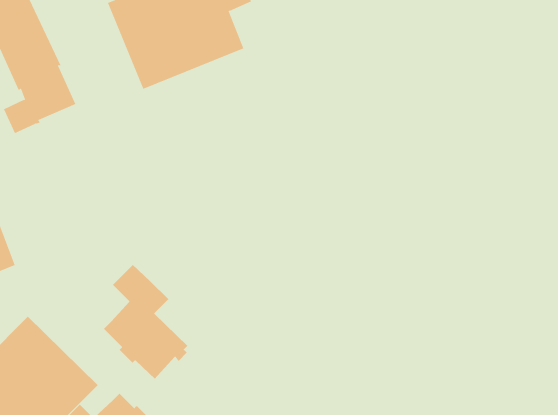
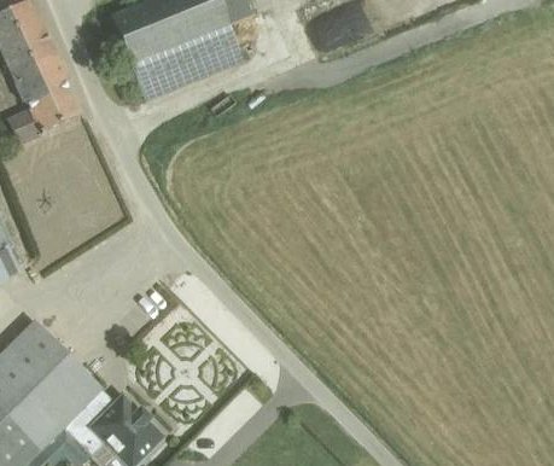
building: [103,264,188,379] -> none

